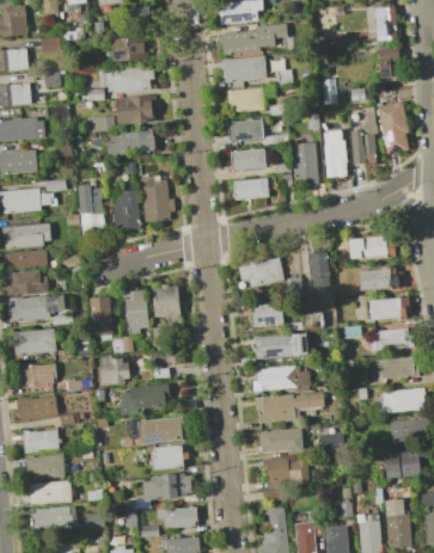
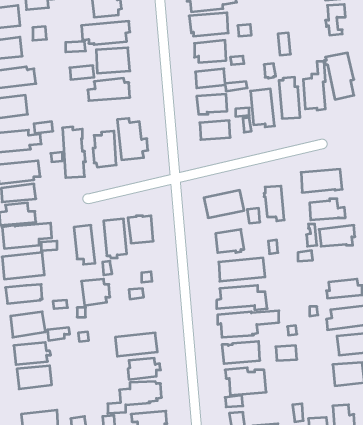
building: [369,327,412,351] -> none
building: [122,385,171,411] -> none
building: [29,481,72,505] -> none

